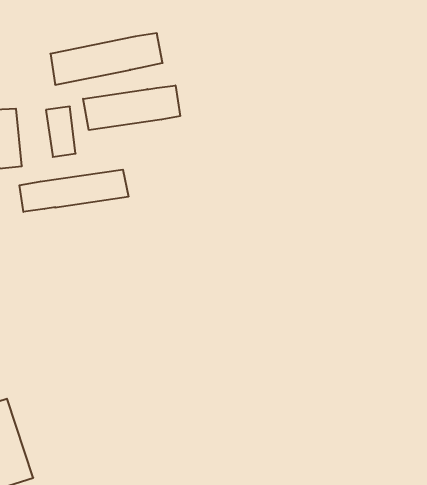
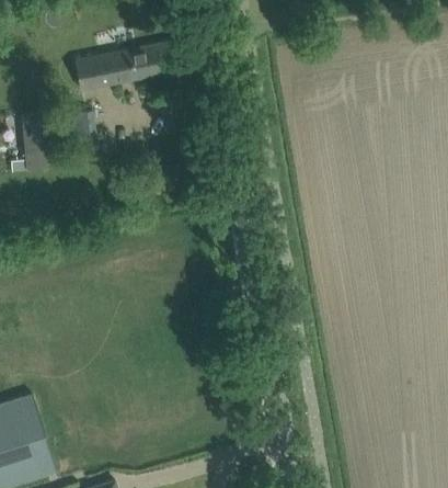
building: [83,85,180,130] -> none
building: [19,170,128,212] -> none

